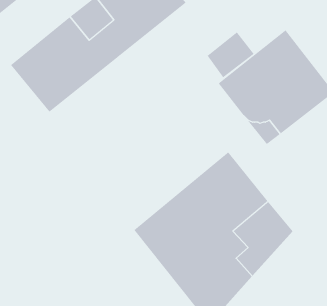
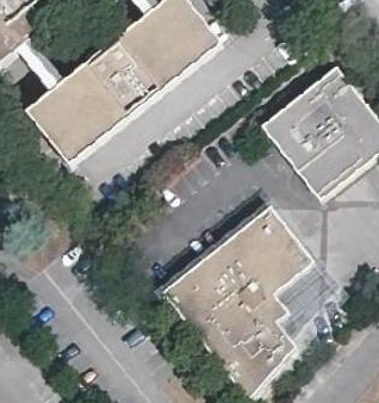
building: [207,32,255,78] -> none

